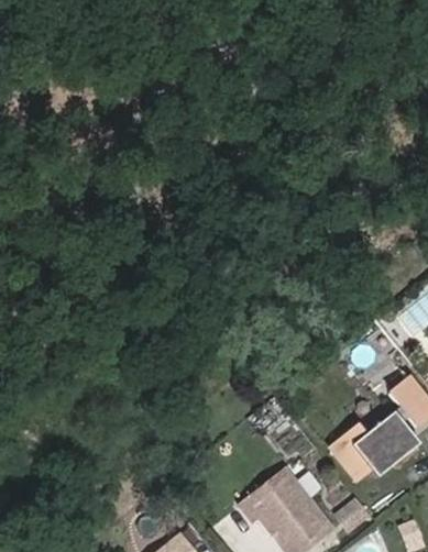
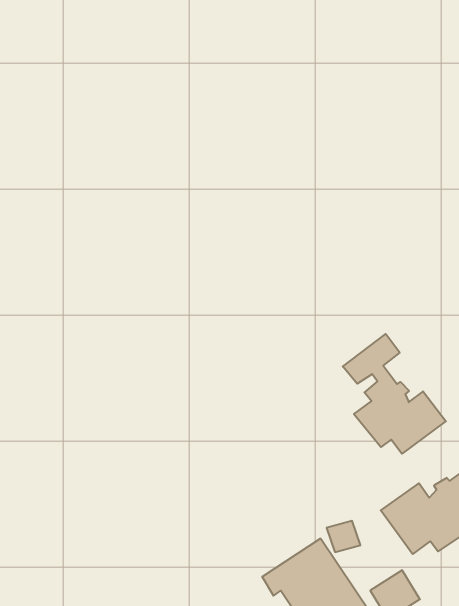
building: none -> [343,334,446,454]

